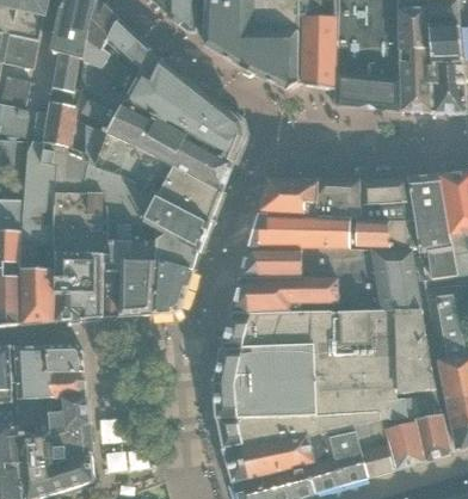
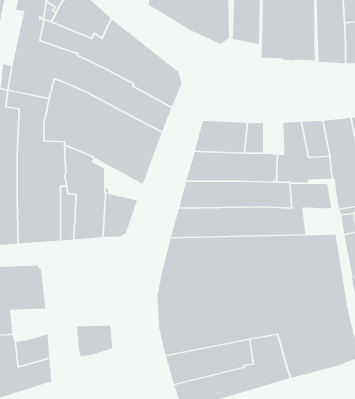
building: [338,179,361,216] -> none
building: [140,221,198,269] -> none
building: [383,278,421,309] -> none
building: [45,395,88,432] -> [76,325,113,357]

